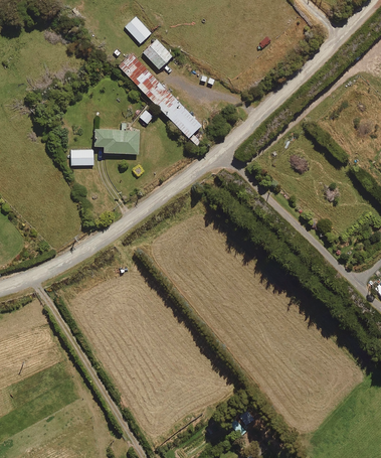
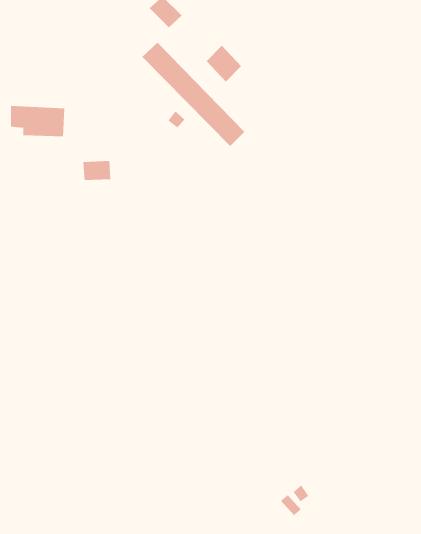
building: [143,39,172,69] -> [206,45,242,82]
building: [94,130,139,155] -> [10,106,65,137]

